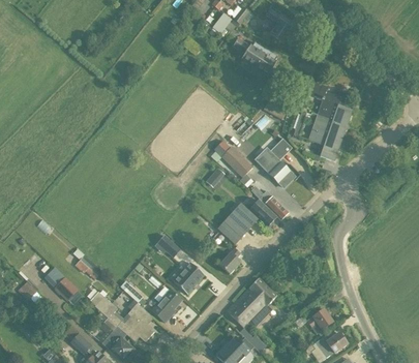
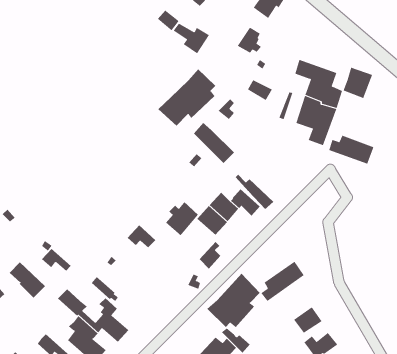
building: [232,39,266,68] -> [173,23,210,54]
building: none -> [343,67,373,99]
building: none -> [157,68,216,126]
building: [256,138,293,186] -> none
building: none -> [328,135,374,165]
building: [173,262,204,294] -> [165,201,199,236]
building: none -> [261,261,305,302]
building: [152,285,182,322] -> none

